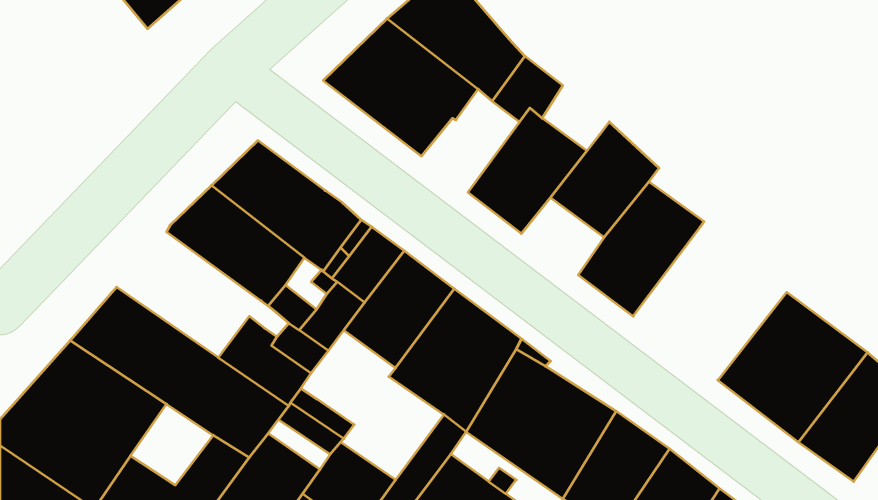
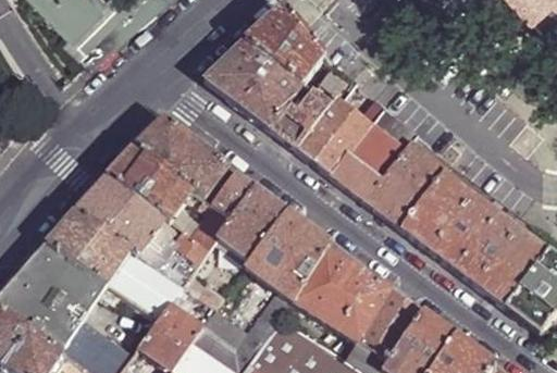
building: none -> [267,83,329,148]
building: none -> [330,151,382,200]
building: none -> [400,170,497,266]
building: none -> [74,173,165,252]

